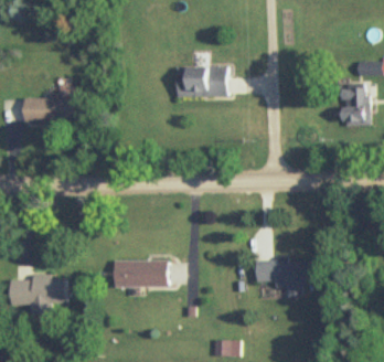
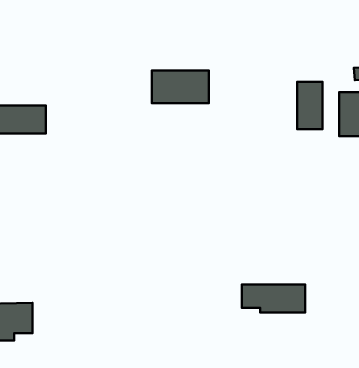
building: none -> [297,82,322,129]
building: [113,260,167,286] -> none

